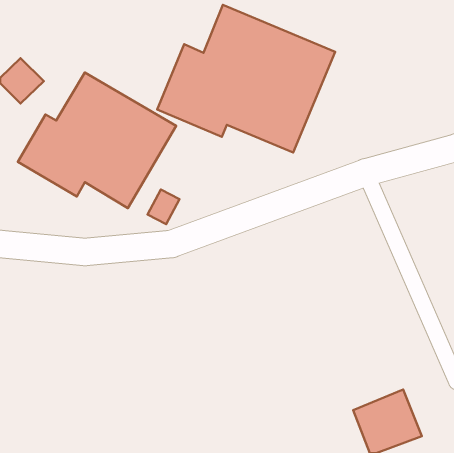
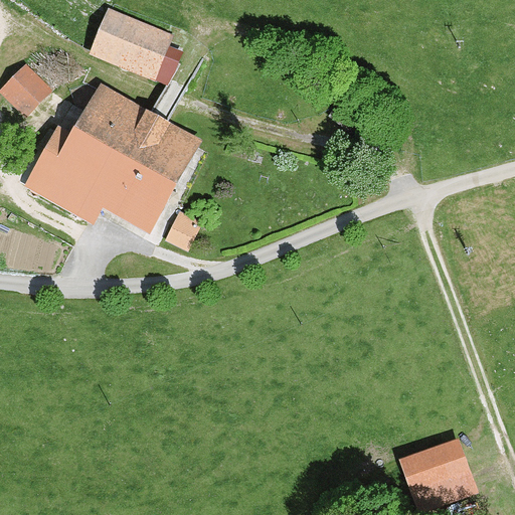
building: [157,5,335,152] -> none
building: none -> [91,9,183,83]

